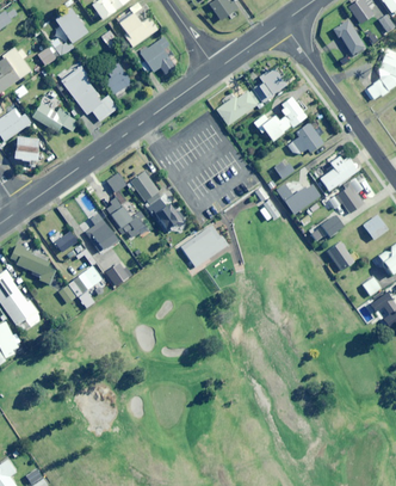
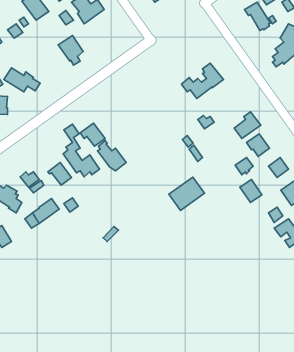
building: [138,36,175,72] -> none
building: [61,62,117,121] -> none
building: [217,67,285,124] -> none
building: [287,121,323,152] -> none
building: [277,182,322,214] -> none
building: [180,224,224,266] -> [169,177,204,210]

